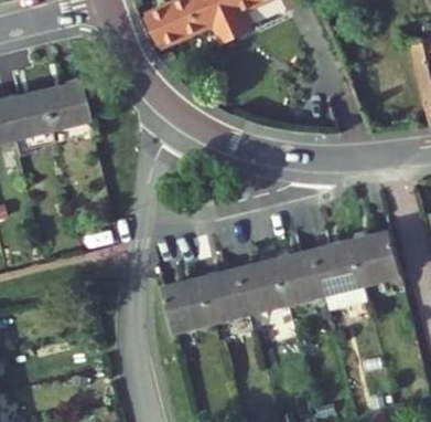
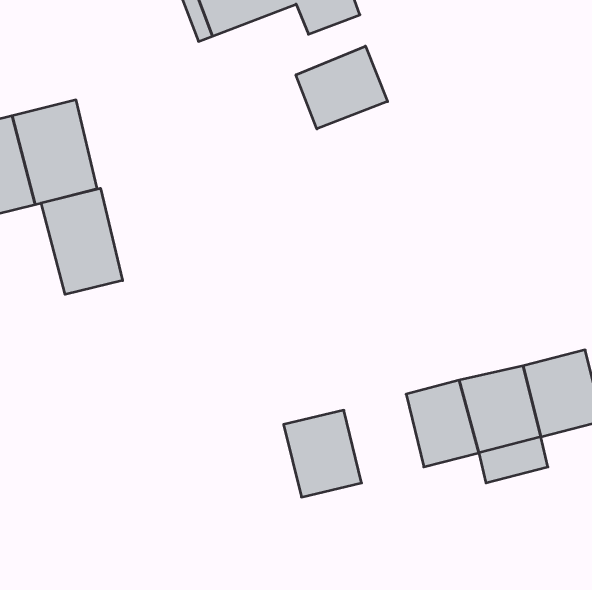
building: none -> [296,46,388,129]
building: none -> [41,188,123,294]
building: [241,263,291,318] -> none
building: [165,282,215,337] -> none

